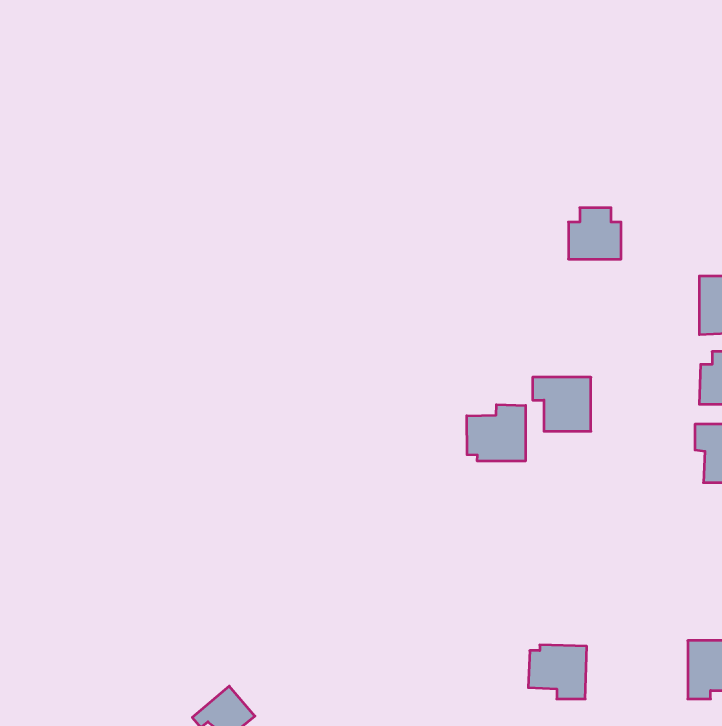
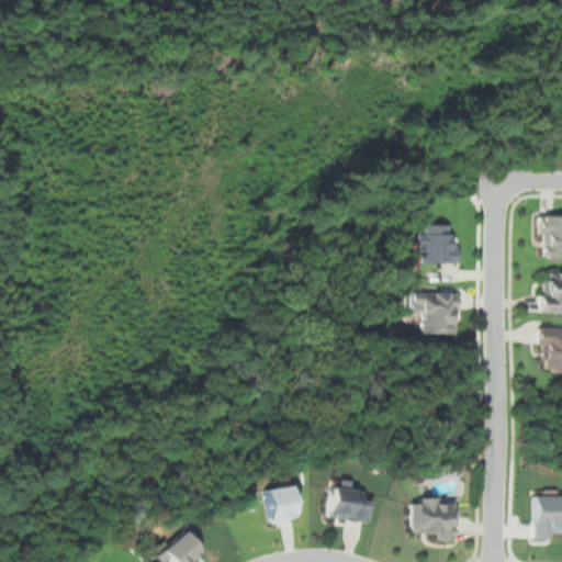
building: [568,208,621,259] -> [418,224,459,263]
building: [467,405,526,461] -> none
building: none -> [328,480,371,522]
building: none -> [262,484,293,524]

